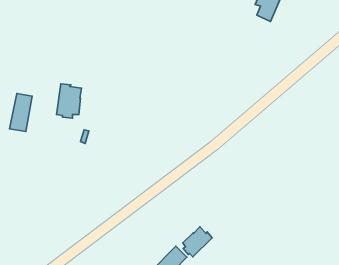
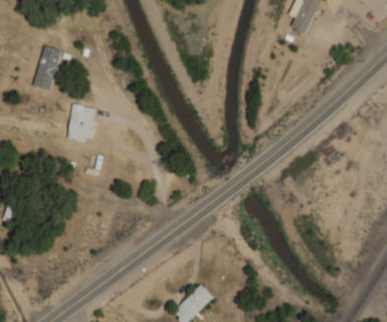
building: [10,94,32,131] -> [35,47,60,90]
building: [183,227,212,257] -> none

